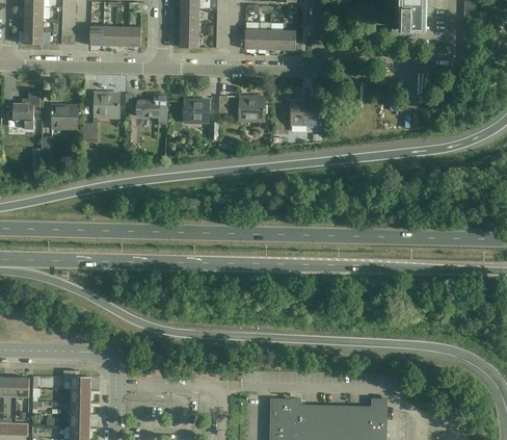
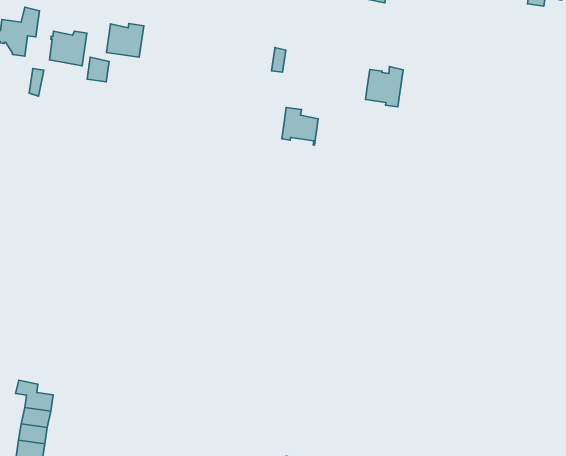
building: [136,95,166,122] -> none
building: [239,97,264,122] -> [282,107,318,145]
building: [183,100,209,124] -> none

